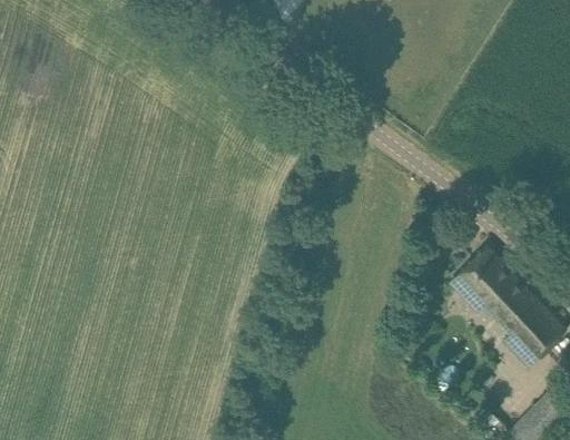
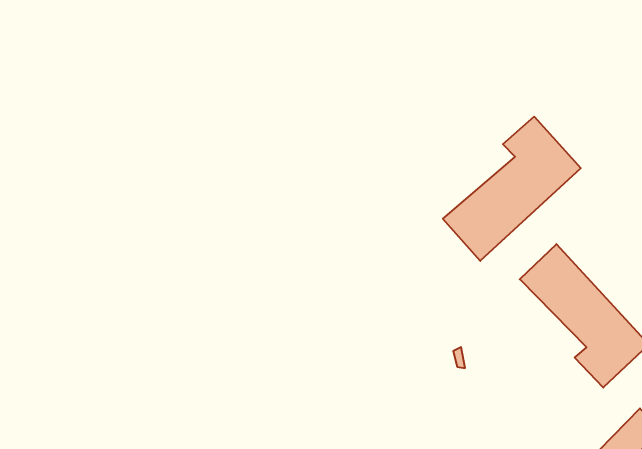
building: none -> [443,117,581,261]

